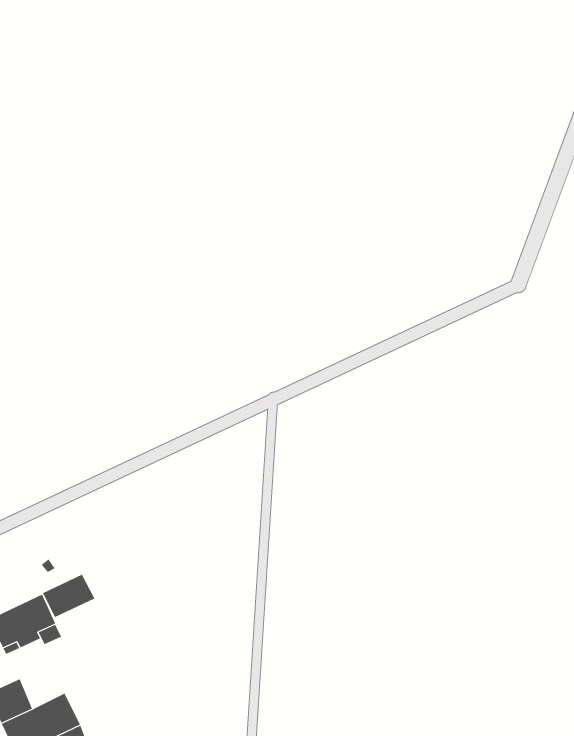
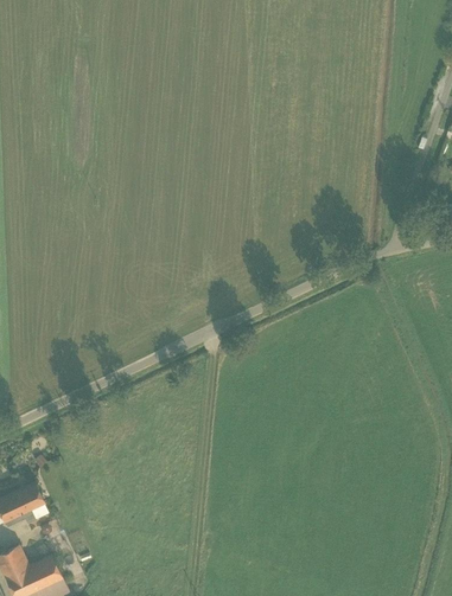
building: [42,574,95,618] -> none

